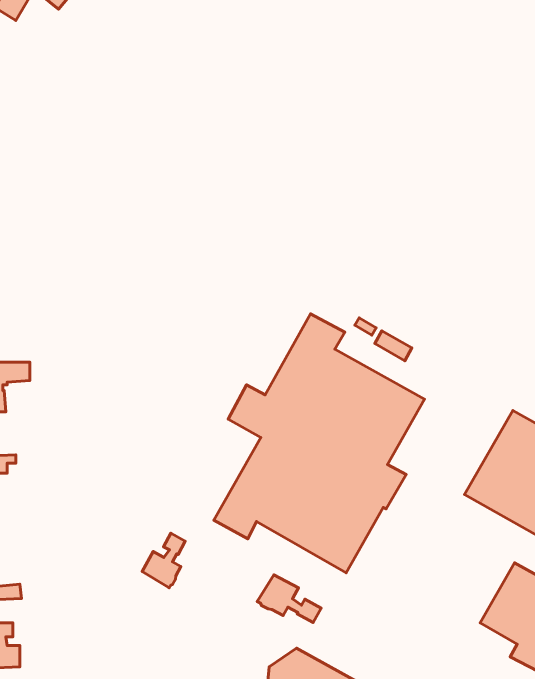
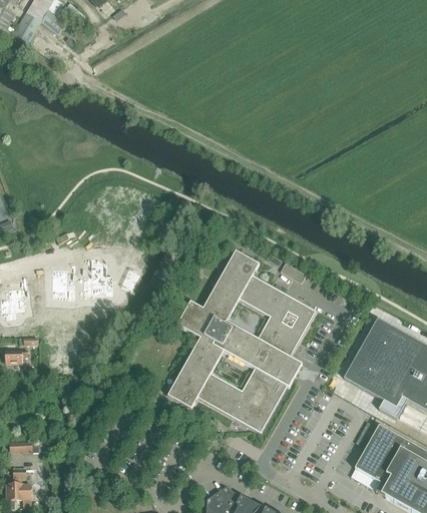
building: [142,533,185,588] -> none
building: [257,575,321,623] -> none

